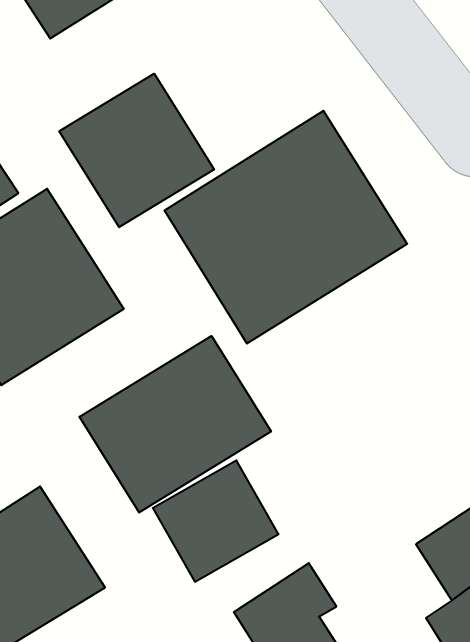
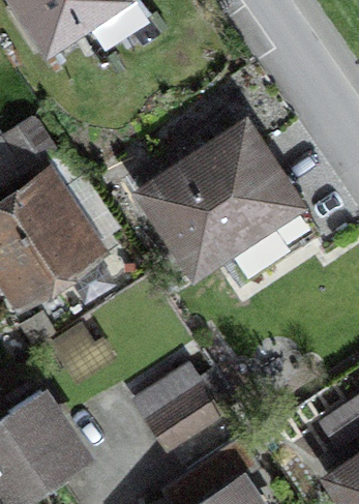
building: [59,74,214,227] -> none
building: [79,336,271,513] -> none

